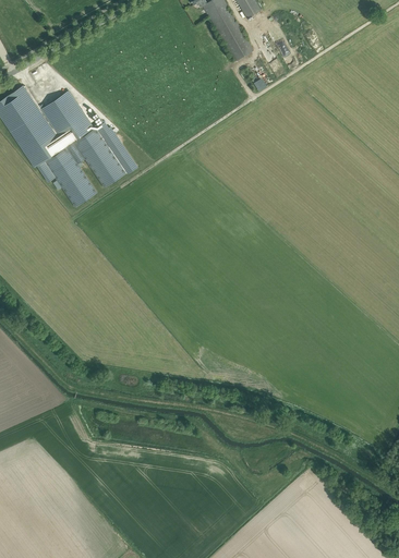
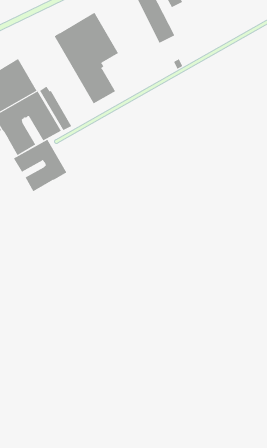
building: none -> [54,12,119,104]
building: none -> [13,139,67,192]

